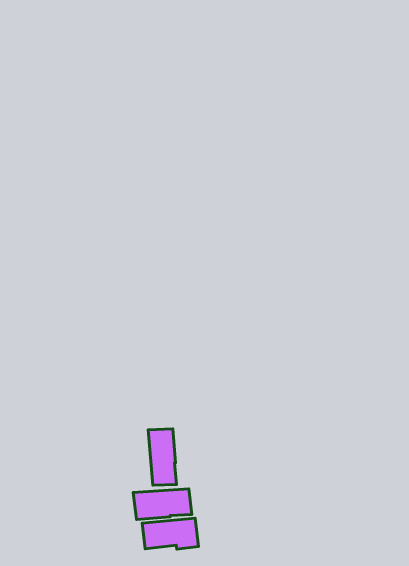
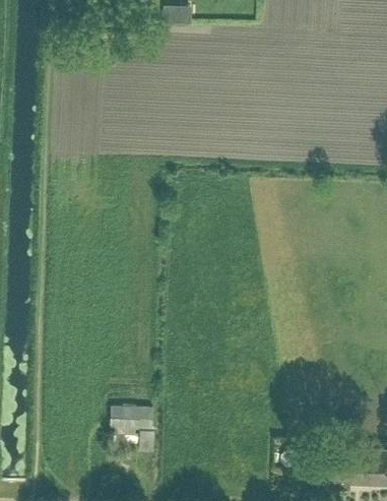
building: [148,429,176,485] -> none

